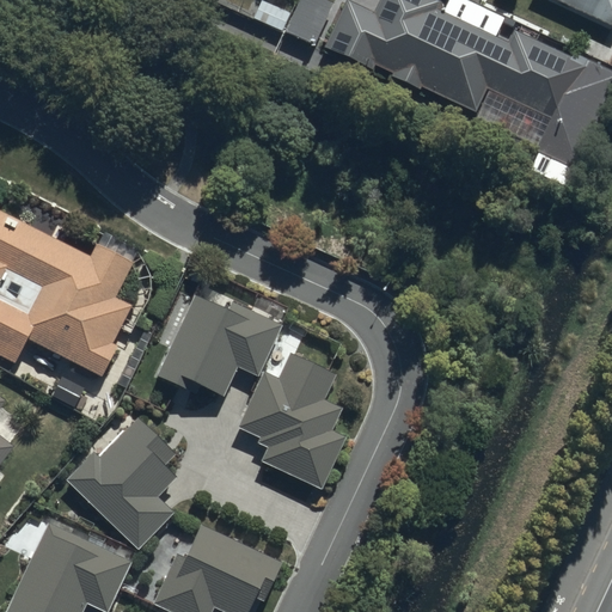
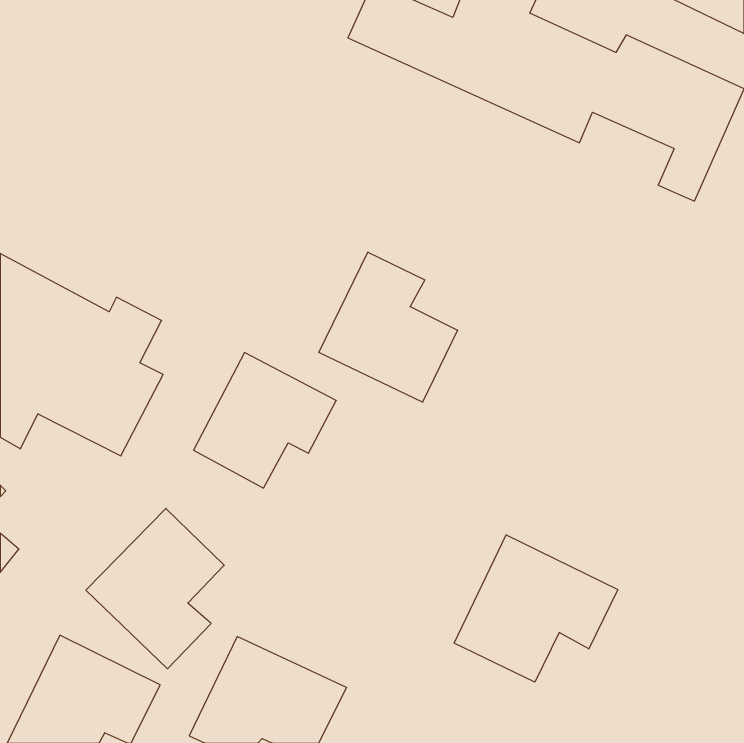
building: none -> [319,252,458,402]
building: [237,355,345,490] -> none
building: none -> [454,535,618,682]

